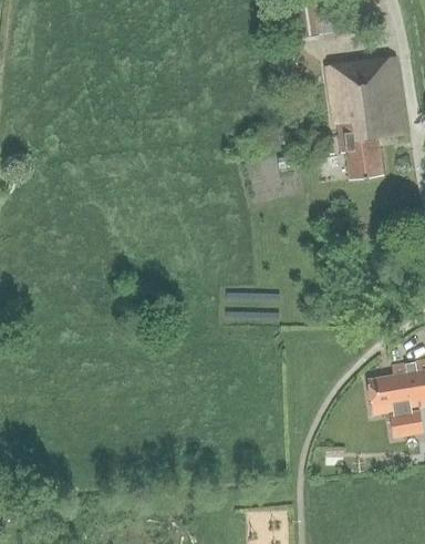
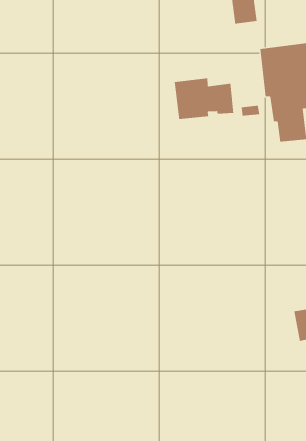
building: none -> [174,77,234,120]

